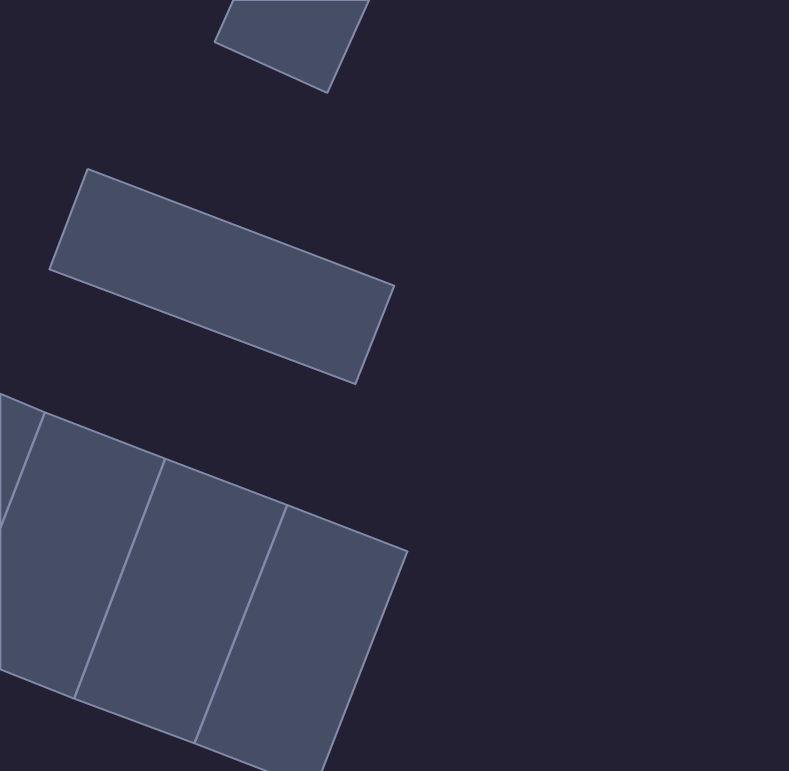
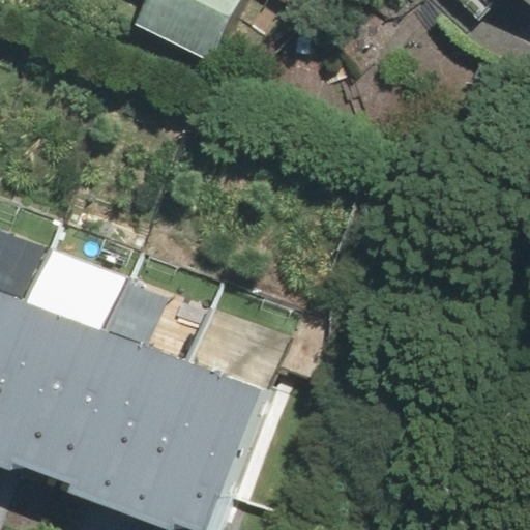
building: [49,169,394,384] -> none

